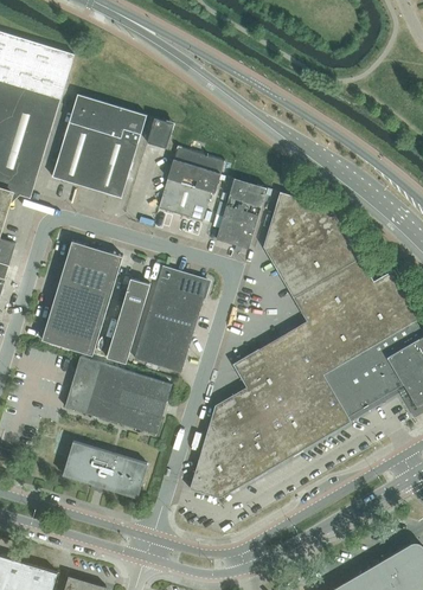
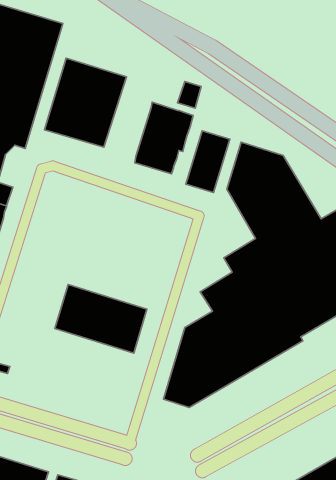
building: [146,118,173,149] -> [178,81,201,108]
building: [40,241,123,357] -> none
building: [134,268,209,373] -> none
building: [105,278,149,364] -> none
building: [62,442,147,499] -> none

